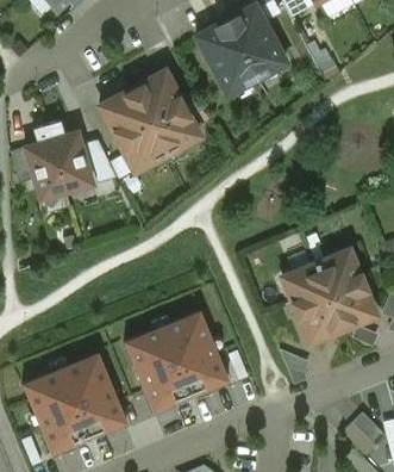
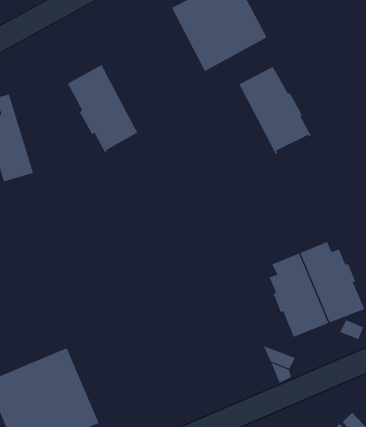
building: [131,72,199,154] -> [238,66,312,155]
building: [46,112,96,190] -> none
building: [124,310,229,412] -> none

